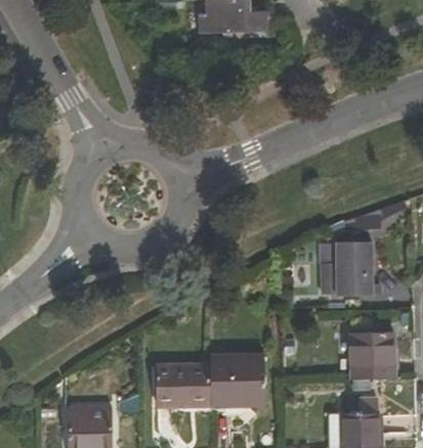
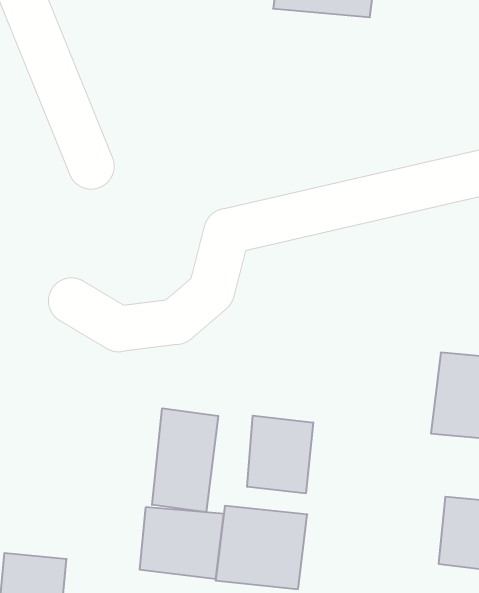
building: none -> [247,416,313,493]
building: none -> [152,408,218,512]

